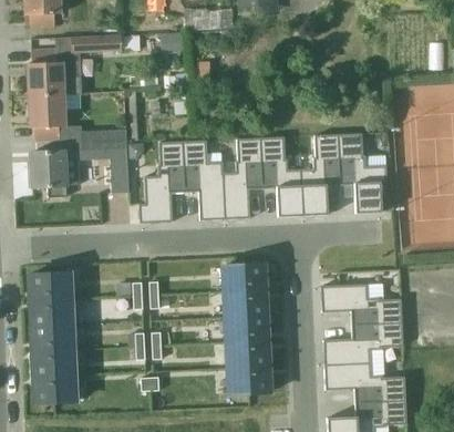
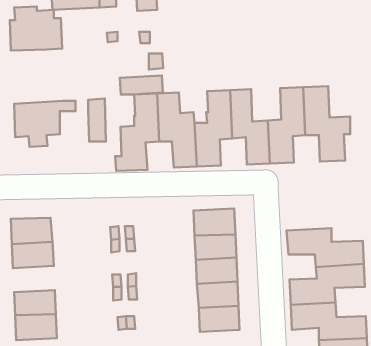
building: [29,94,68,141] -> none
building: [83,128,128,148] -> [120,76,163,94]
building: [31,323,75,351] -> none

